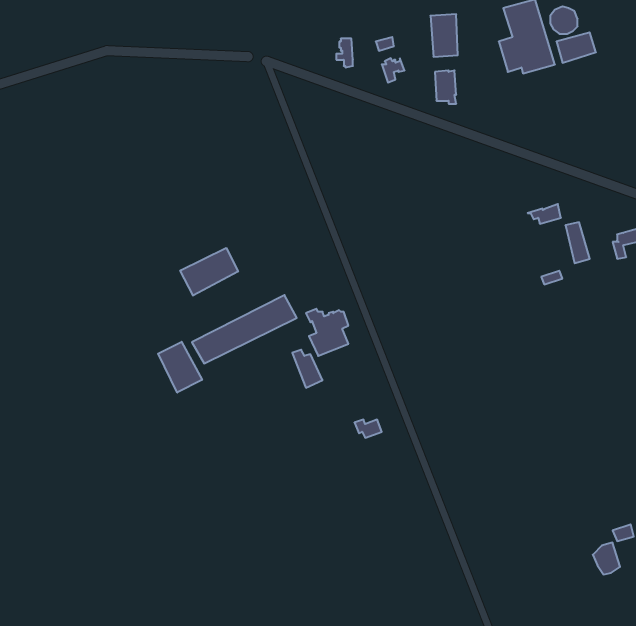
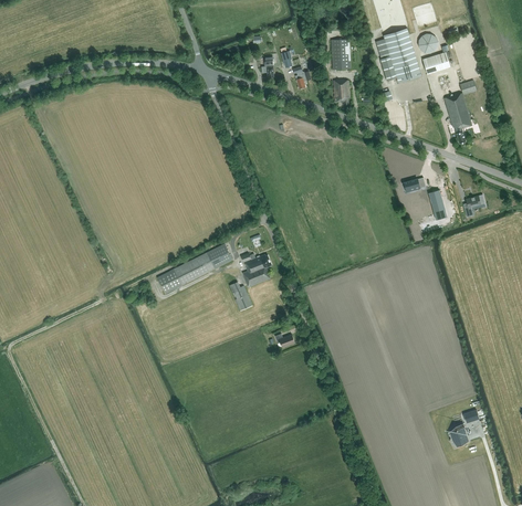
building: none -> [443,82,474,143]
building: [180,248,238,296] -> none
building: [158,342,202,393] -> none

